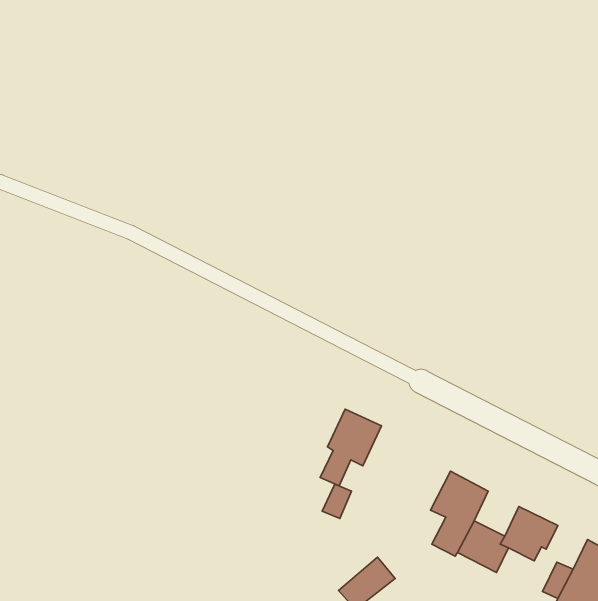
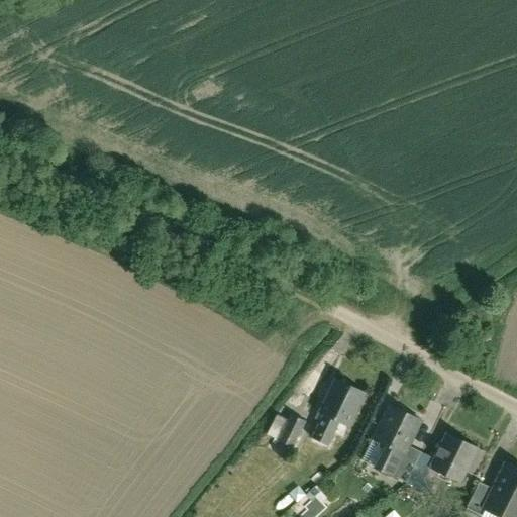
building: [320,409,382,486] -> [313,378,366,443]

